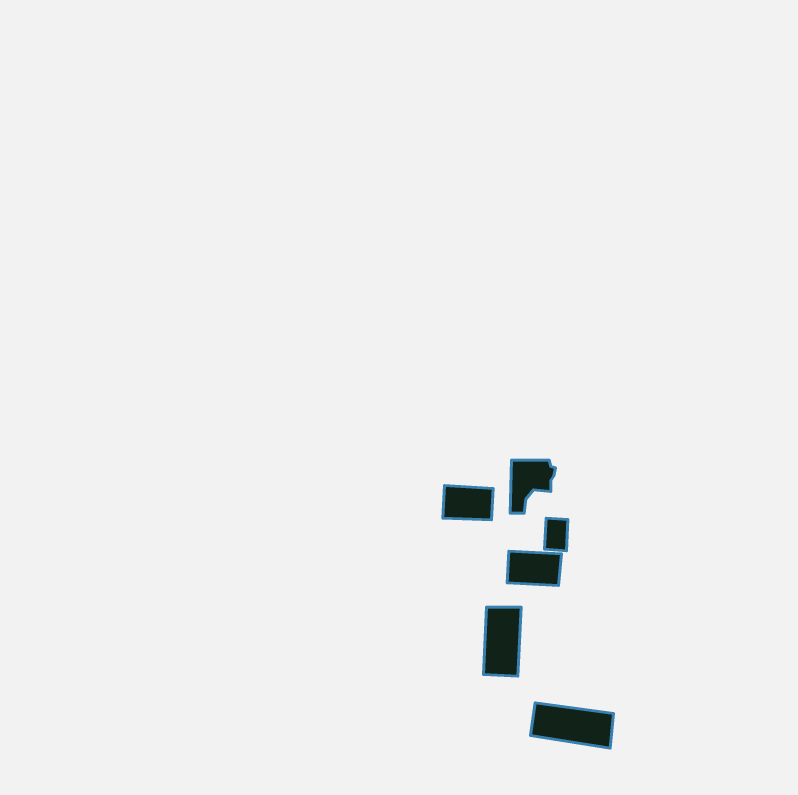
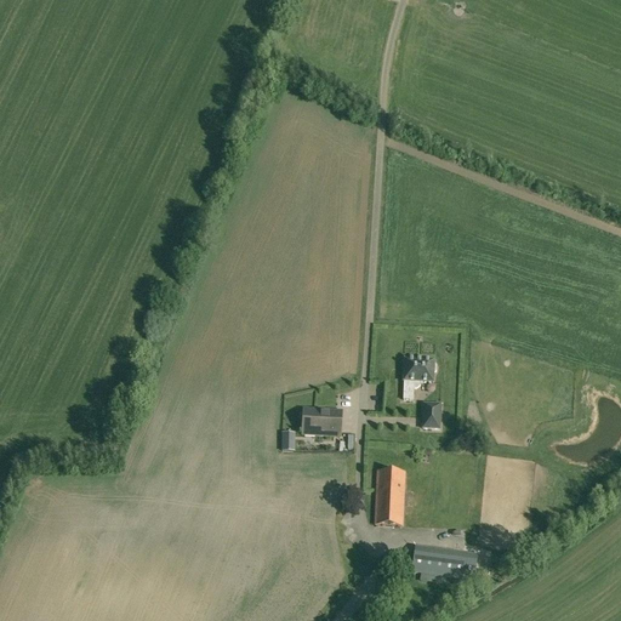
building: [443,485,493,520] -> [303,408,342,434]
building: [507,551,561,585] -> none

